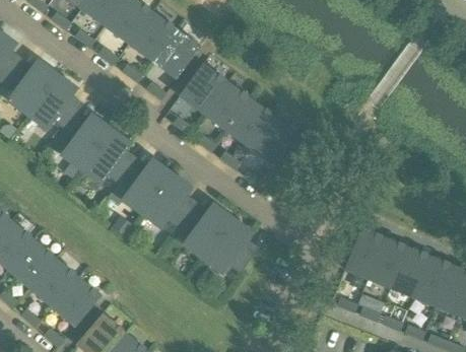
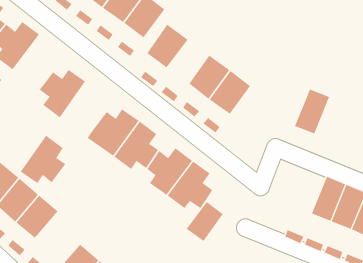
building: [27,75,80,130] -> none
building: [203,81,251,131] -> none
building: [81,129,134,185] -> [20,135,66,184]
building: [344,227,385,279] -> [294,89,330,134]
building: none -> [186,201,224,242]
building: [53,277,102,327] -> none

